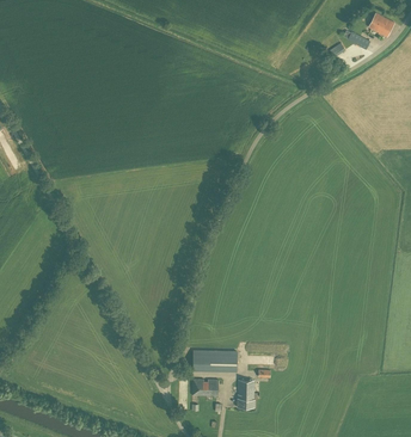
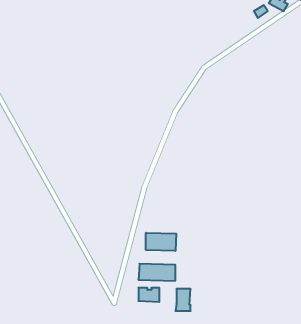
building: none -> [146,233,176,251]

